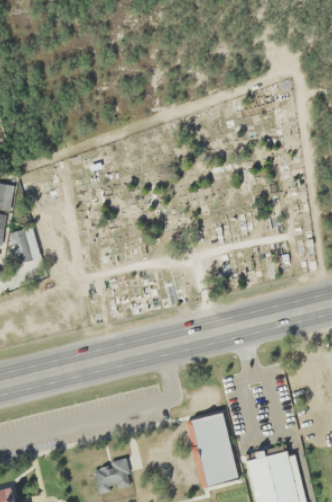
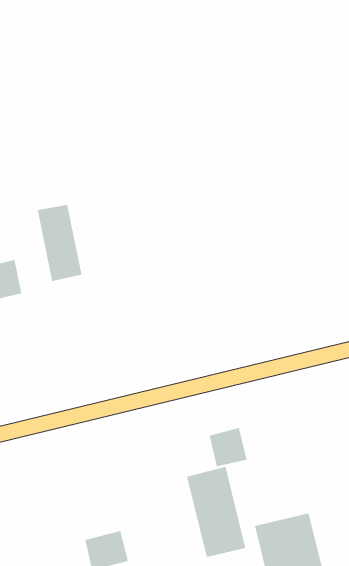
building: none -> [37,204,82,282]
building: none -> [209,427,247,467]

